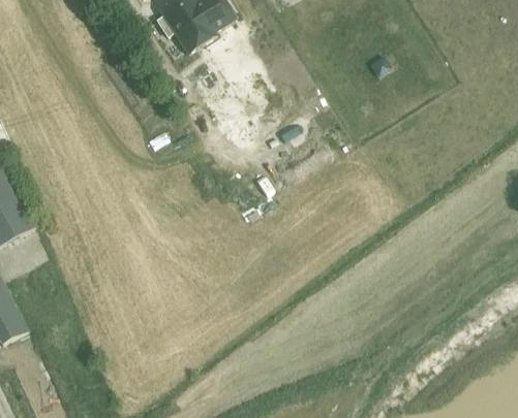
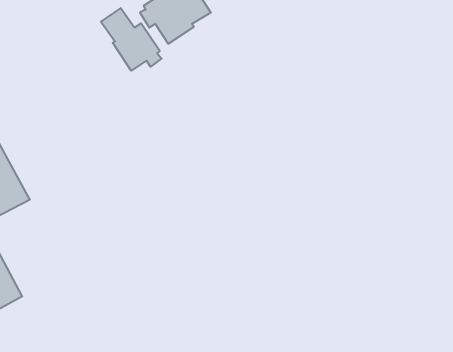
building: none -> [101,8,162,71]

